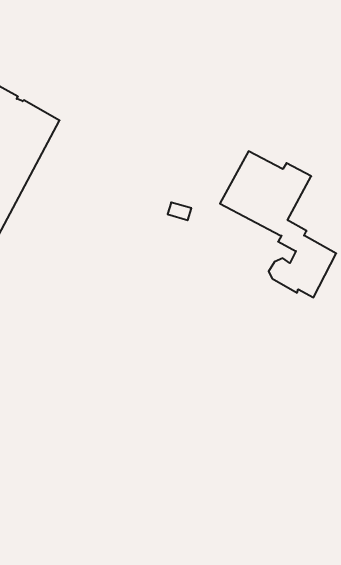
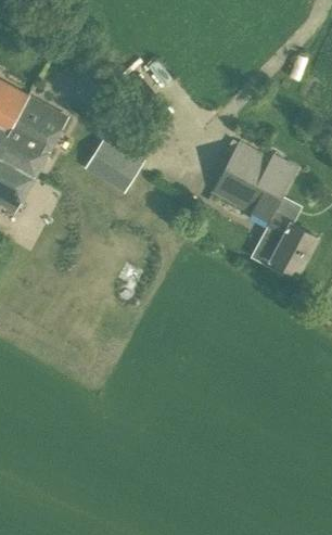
building: none -> [85,132,146,192]

